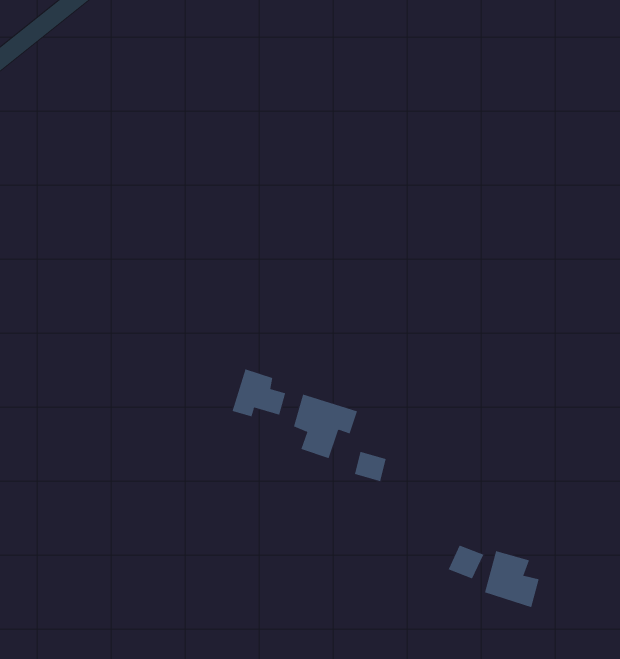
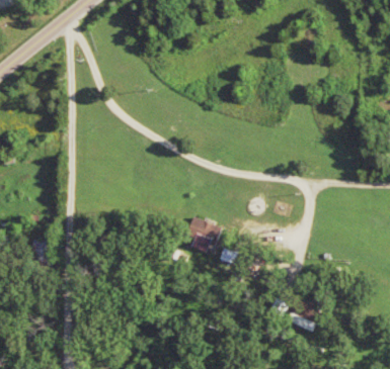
building: [232,368,286,417] -> none

